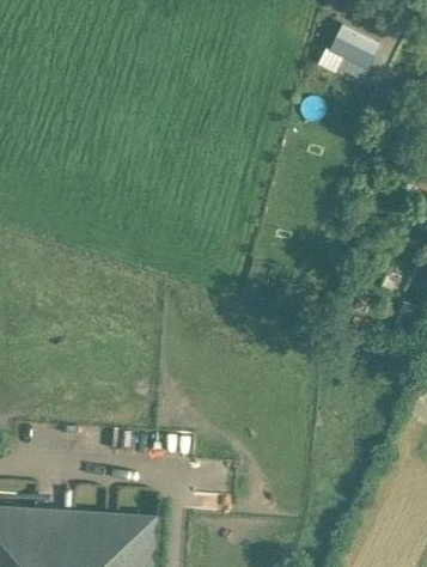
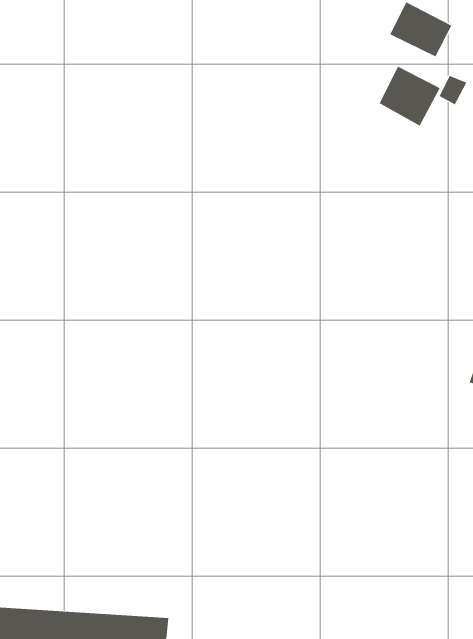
building: none -> [379,66,440,127]

